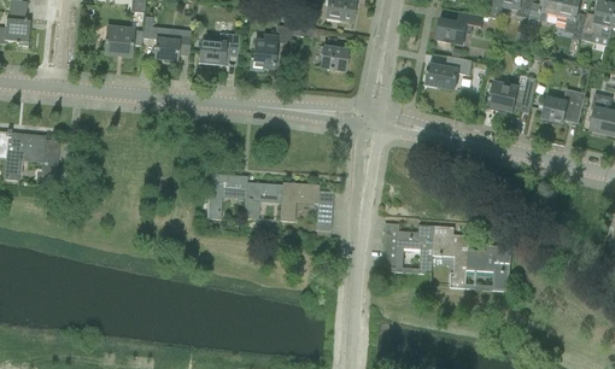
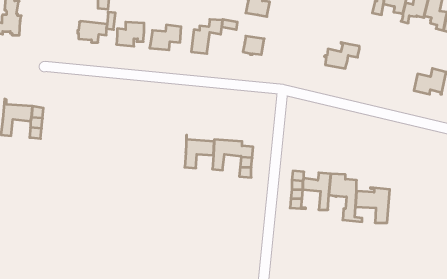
building: [437,11,485,45] -> none
building: [490,77,538,112] -> none
building: [206,174,247,219] -> none

